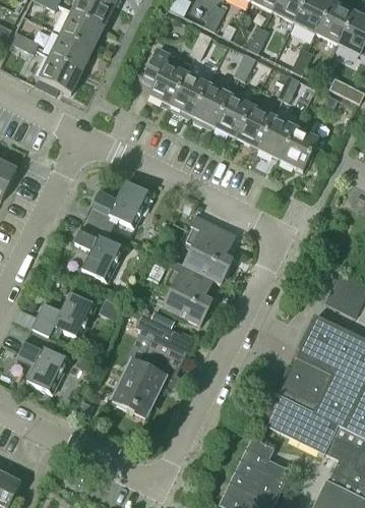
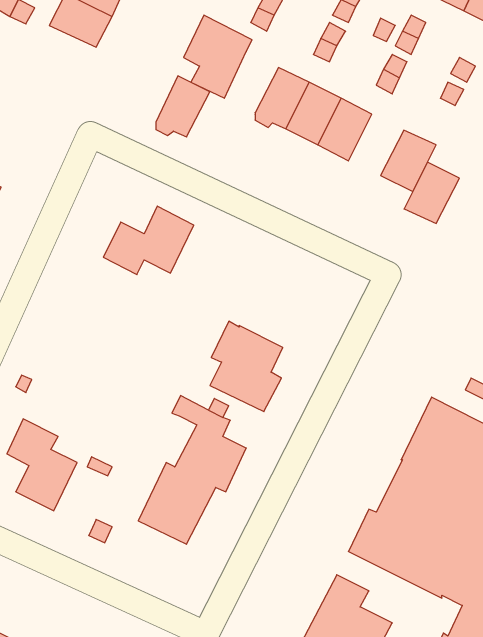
building: [36,54,82,94] -> none
building: [172,72,209,115] -> [156,76,210,137]
building: [258,116,297,159] -> [404,162,459,223]
building: [182,215,236,282] -> none
building: [75,216,124,281] -> none
building: [32,292,96,341] -> none

